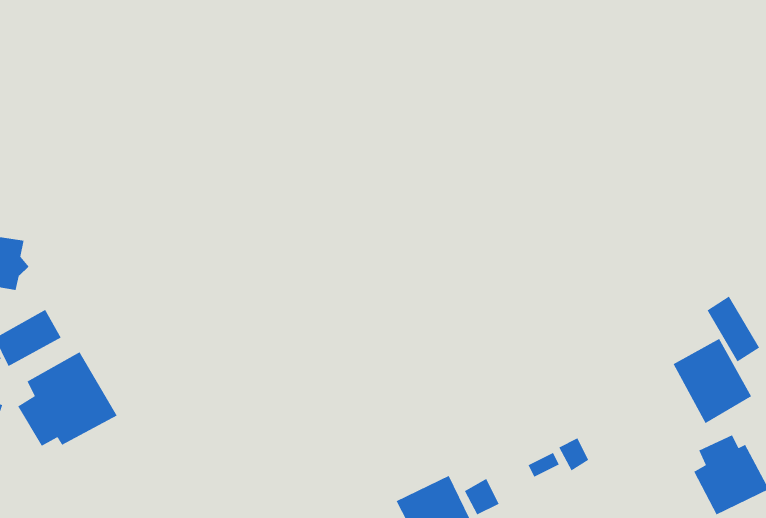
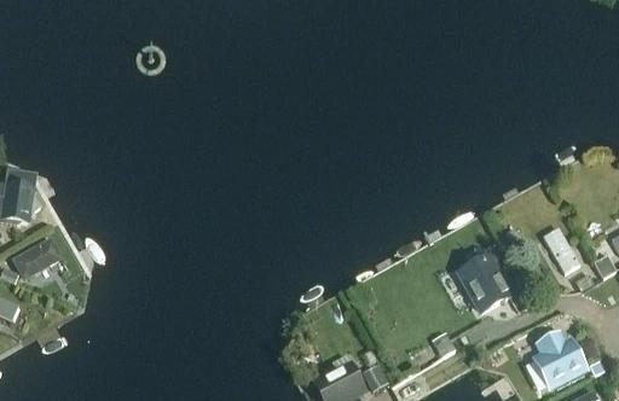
building: [672,338,752,424] -> [456,252,515,316]
building: [17,351,118,447] -> none

